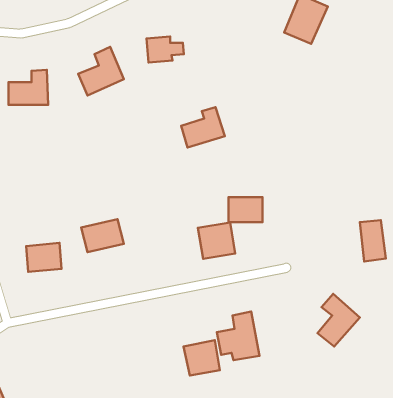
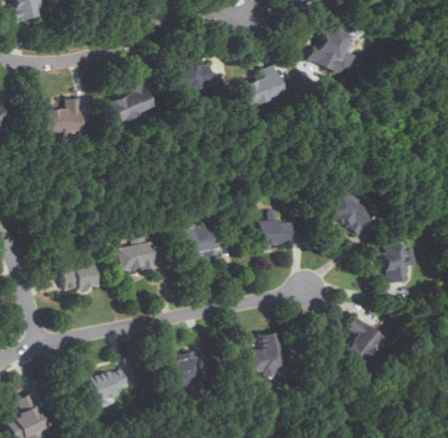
building: [181,107,225,148] -> [245,66,287,105]
building: none -> [331,194,374,232]
building: [198,222,235,259] -> [185,223,221,258]
building: [184,340,220,375] -> [168,352,203,386]
building: none -> [91,367,131,400]

